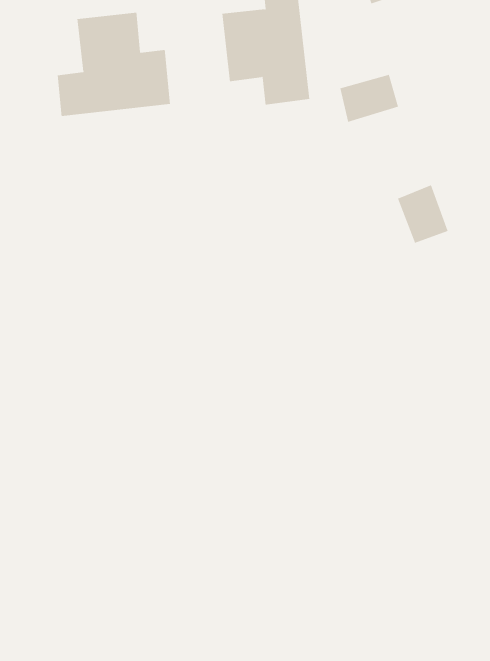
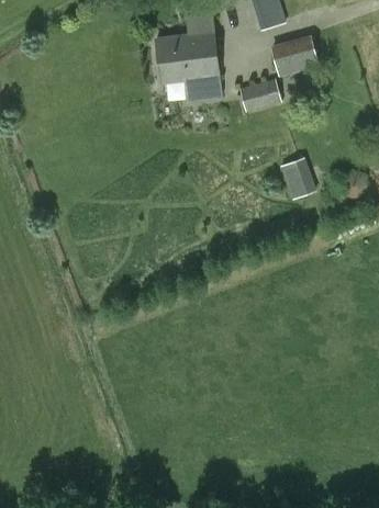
building: none -> [270,34,320,77]
building: [57,12,170,117] -> none

